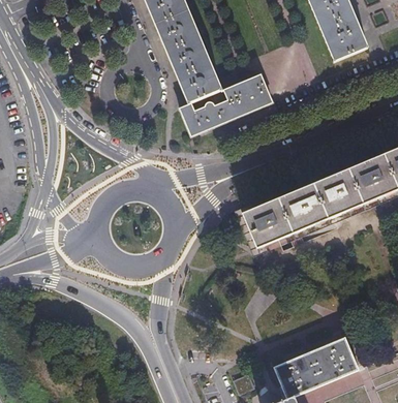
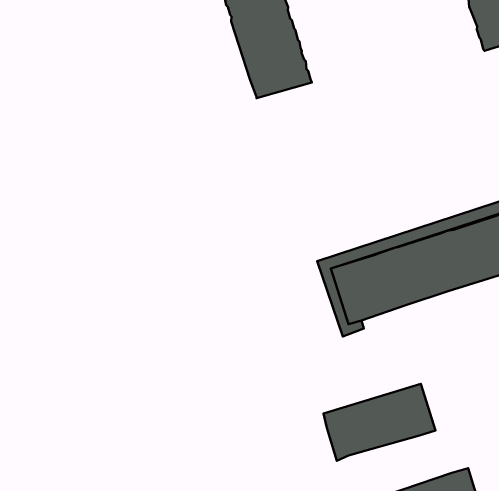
building: [182,76,275,137] -> none
building: none -> [324,384,435,461]

